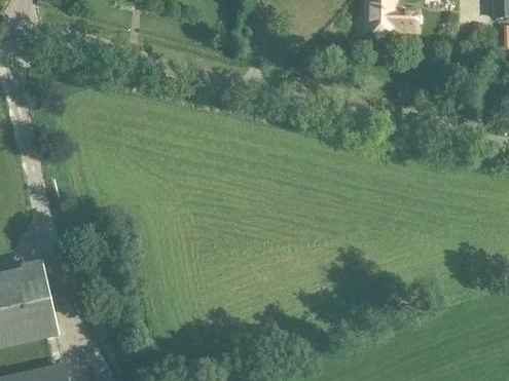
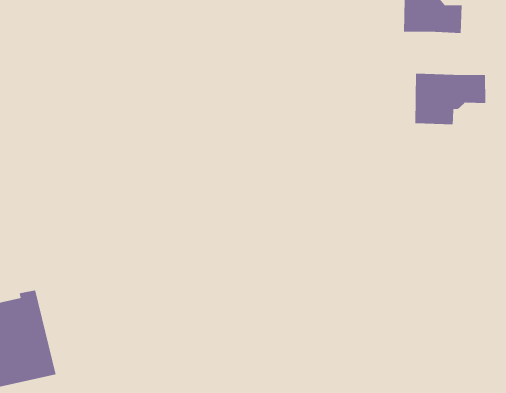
building: none -> [415,73,486,125]

